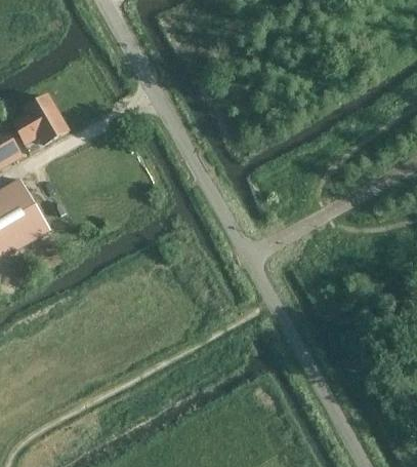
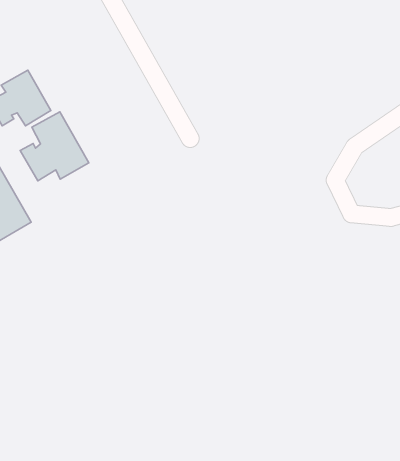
building: none -> [20,112,89,181]

